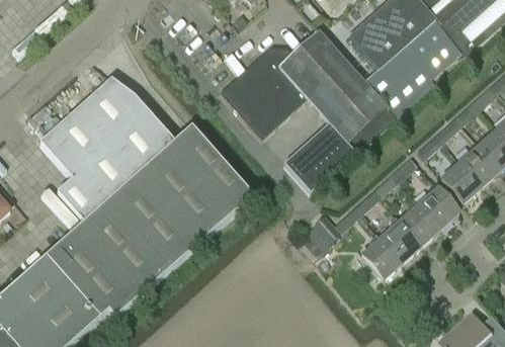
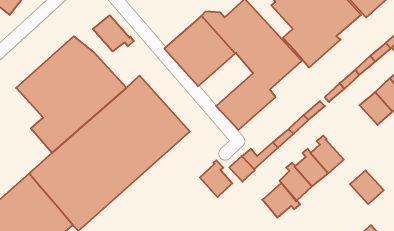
building: none -> [93,15,134,51]
building: [440,161,482,202] -> none
building: [418,186,459,228] -> [350,170,384,204]
building: none -> [200,160,232,197]
building: none -> [262,183,300,218]

